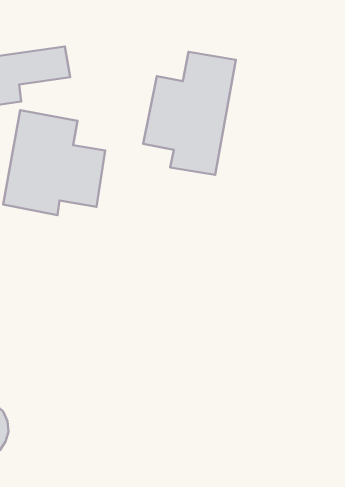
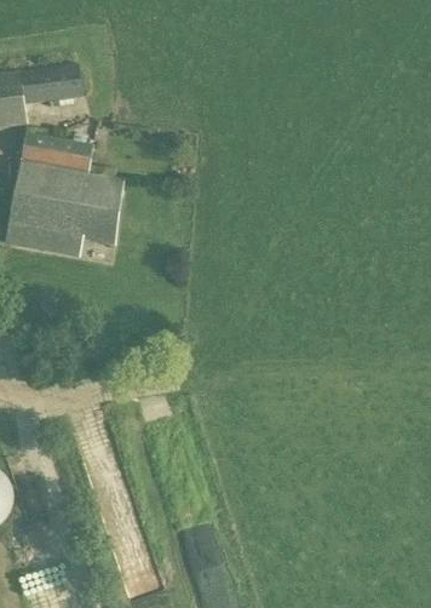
building: [143,52,236,175] -> none

